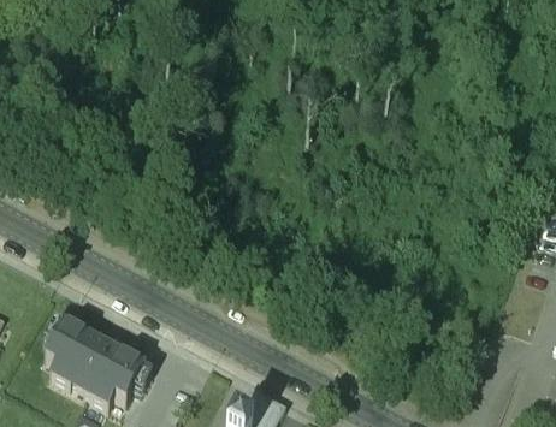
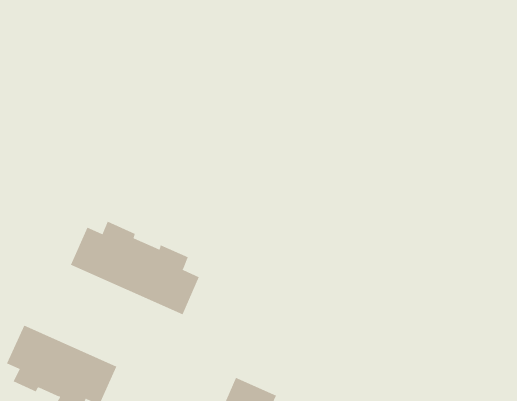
building: none -> [70,221,200,315]

